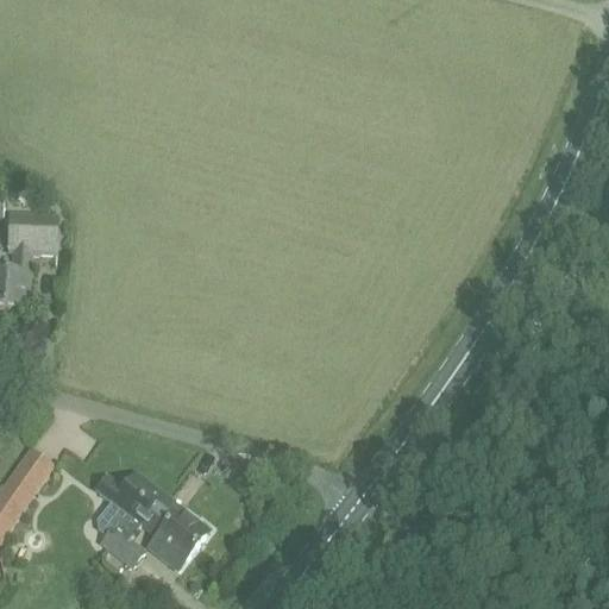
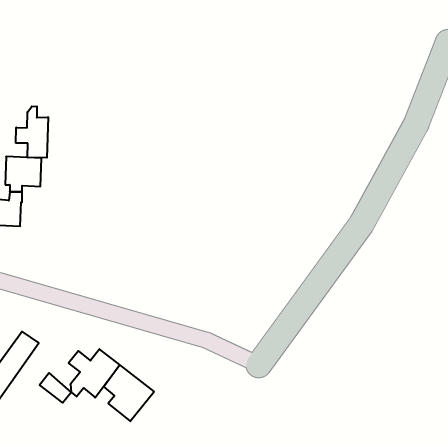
building: none -> [16,106,48,158]
building: [100,525,143,565] -> [40,373,71,403]

